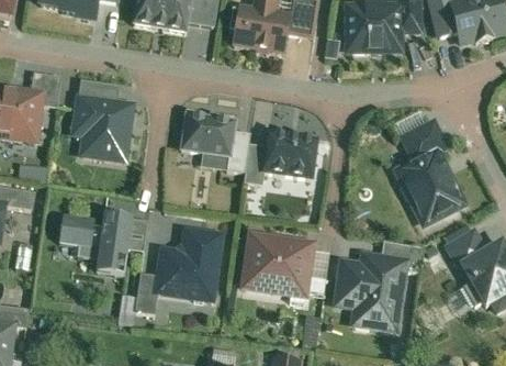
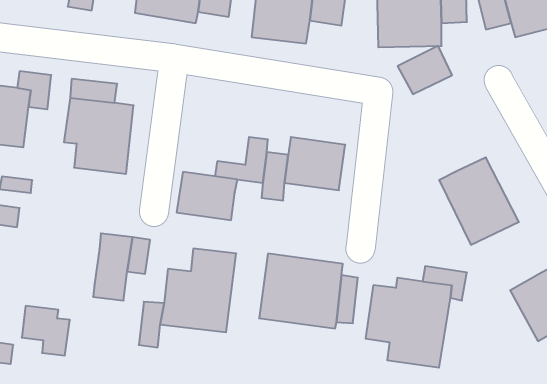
building: [181,113,234,155] -> [177,172,237,220]
building: [398,119,446,160] -> [398,46,452,94]
building: [60,215,102,258] -> [22,306,70,355]
building: [448,232,485,264] -> none

